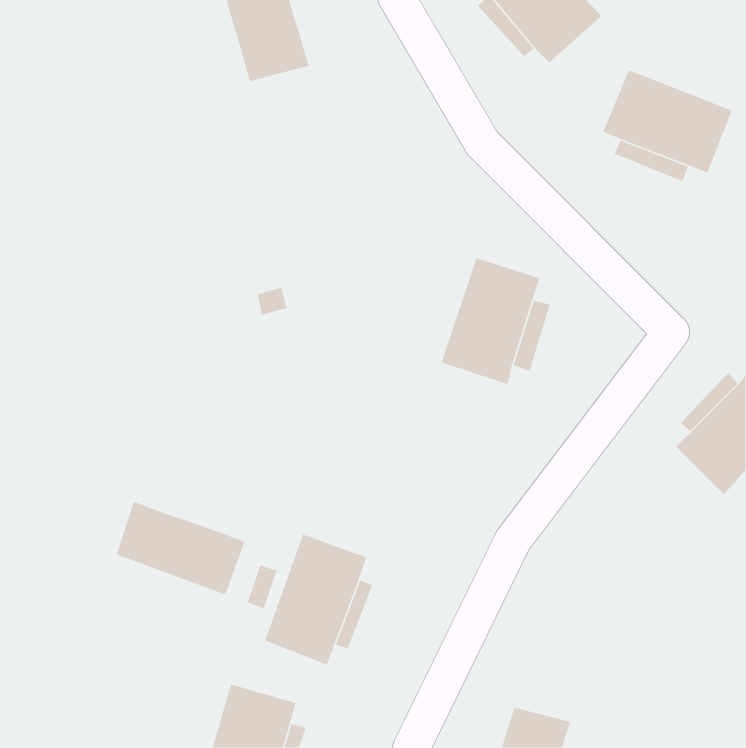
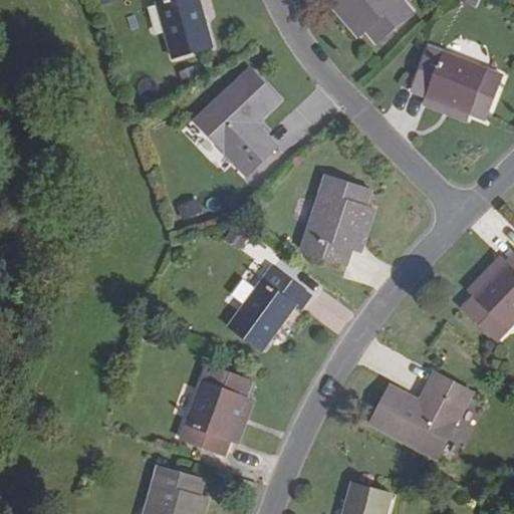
building: none -> [195,70,278,175]
building: none -> [229,267,310,349]
building: [116,501,246,596] -> none
building: none -> [369,370,471,457]

